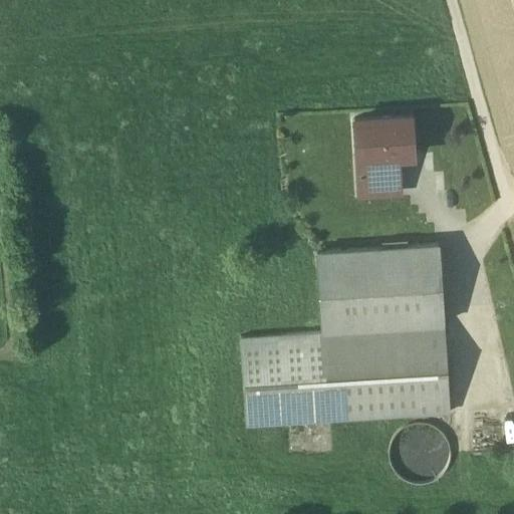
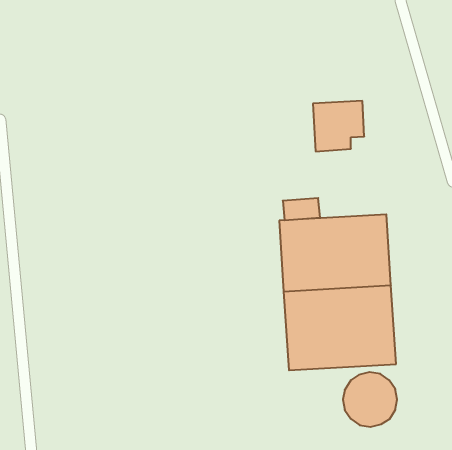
building: [358,172,401,197] -> [283,198,320,220]
building: [242,333,328,428] -> none

